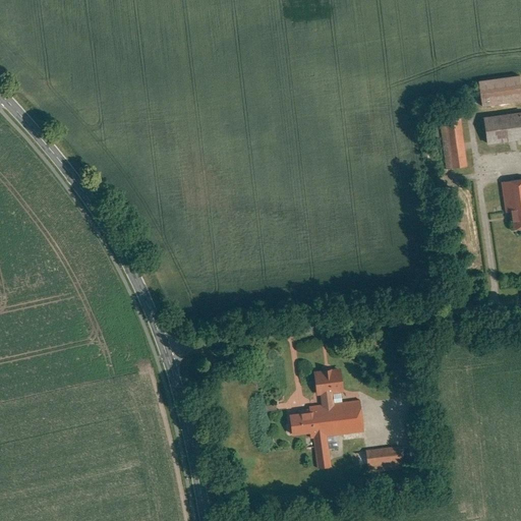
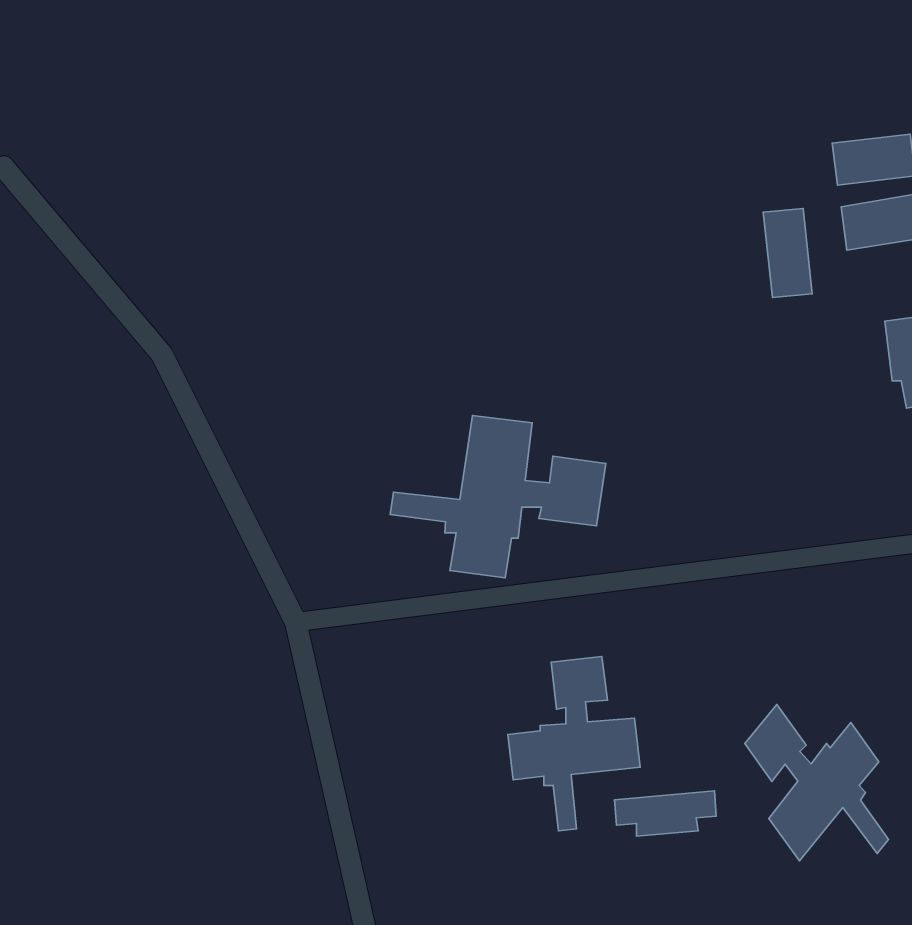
building: none -> [390,415,606,578]
building: none -> [745,704,889,861]

